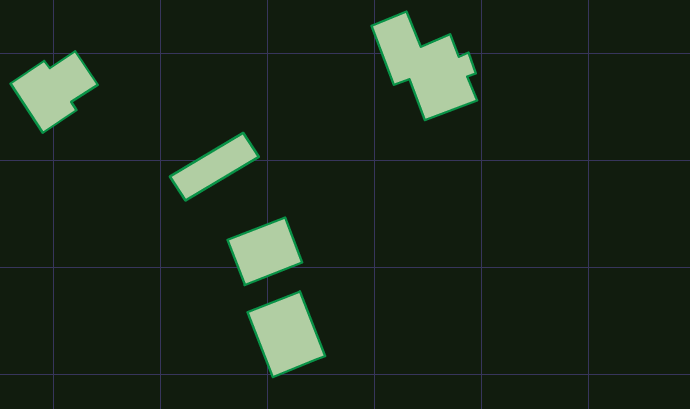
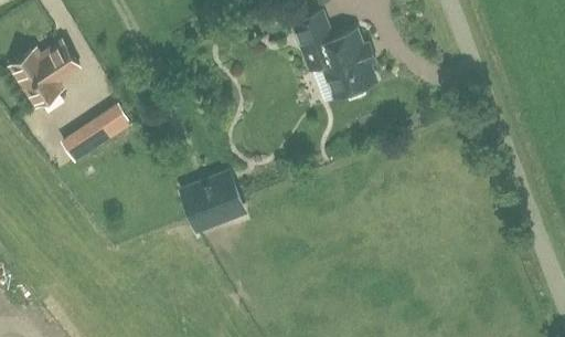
building: [170,133,259,201] -> [61,106,130,159]
building: [248,291,325,377] -> none

